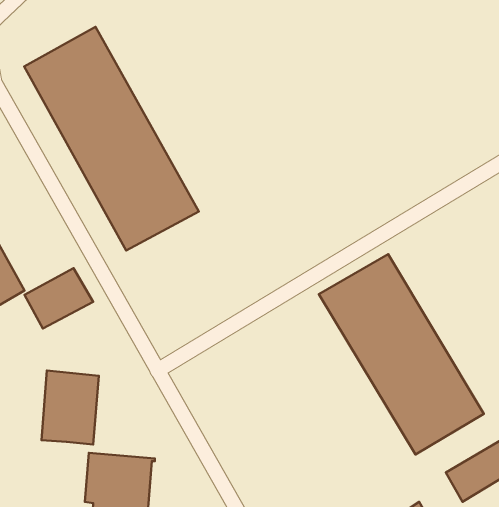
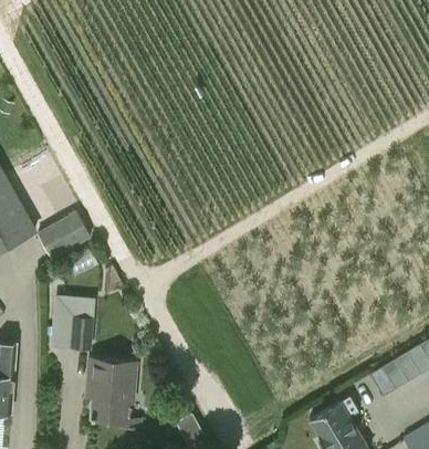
building: [24,27,199,250] -> none
building: [319,254,484,455] -> none

